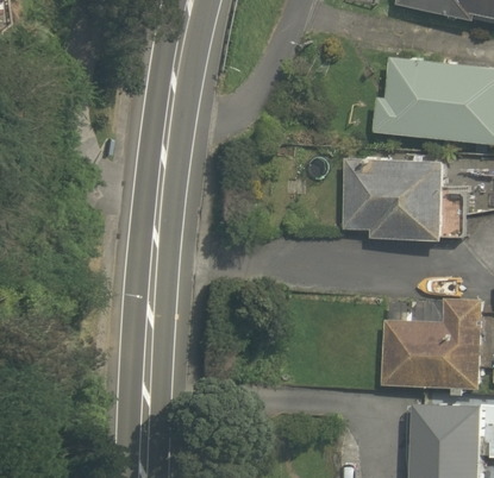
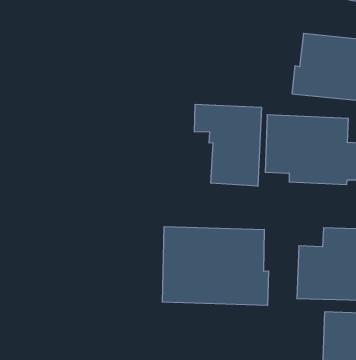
building: none -> [195,104,261,186]
building: none -> [162,227,268,306]

